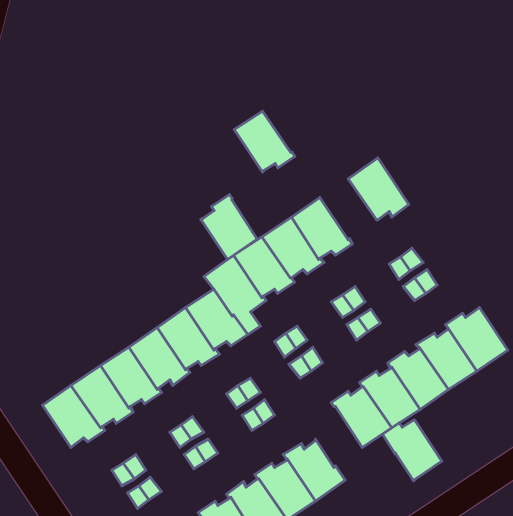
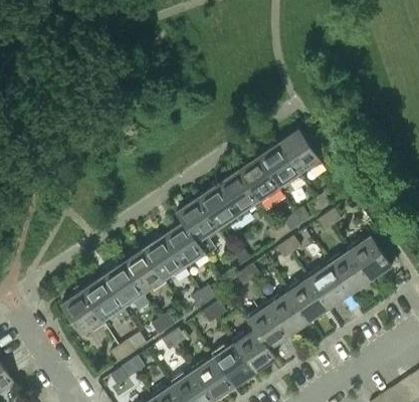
building: [234,111,295,172] -> [257,145,300,188]
building: [201,194,257,259] -> none
building: [382,420,442,481] -> [245,307,287,350]

